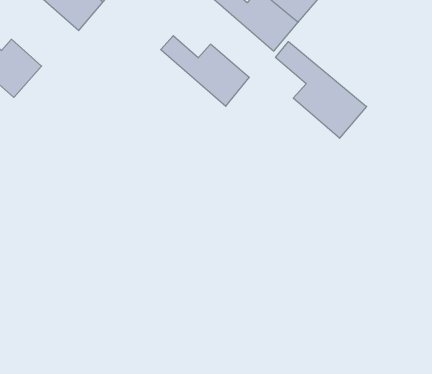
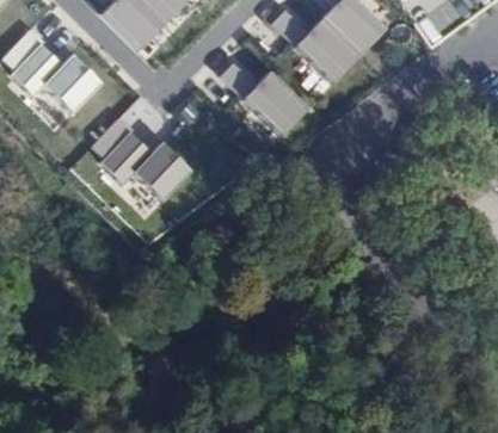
building: [276,42,367,138] -> none
building: none -> [91,116,190,199]

